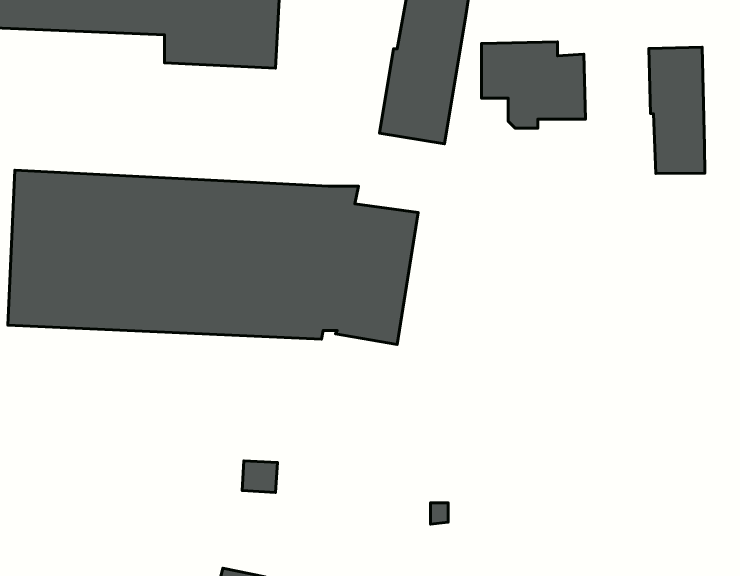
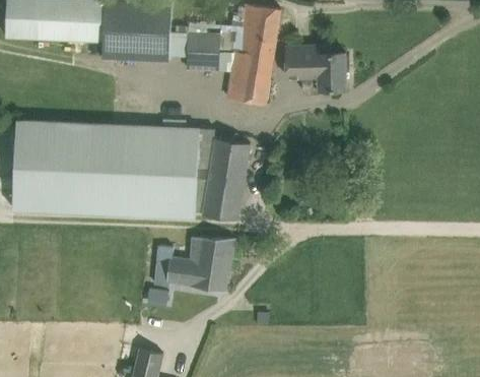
building: none -> [185,34,233,70]
building: [649,47,705,173] -> none
building: none -> [152,239,233,291]

